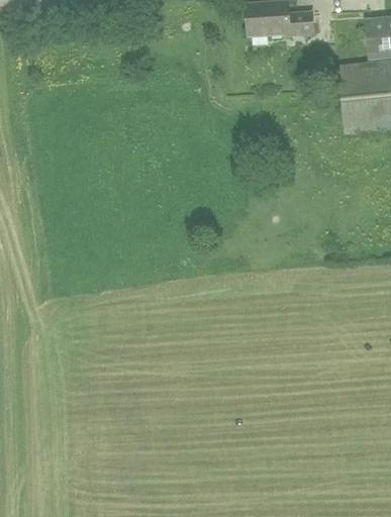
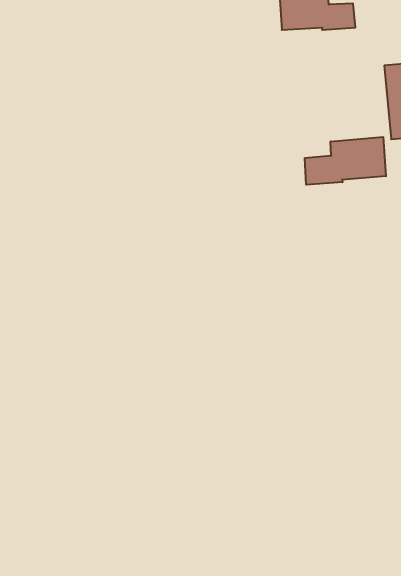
building: none -> [305,137,386,185]

